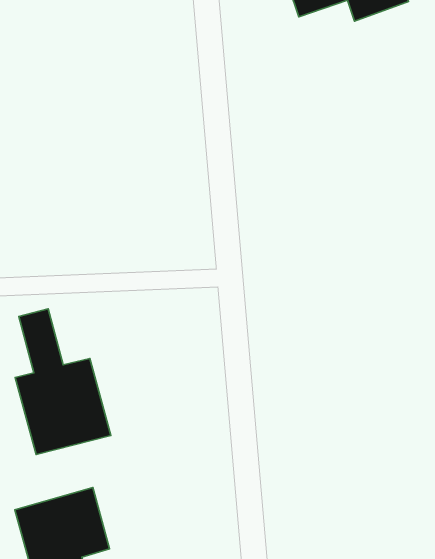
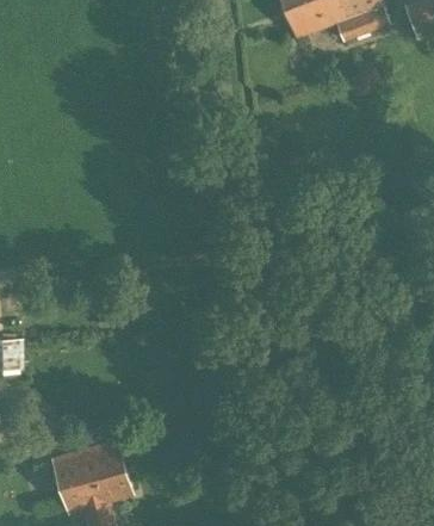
building: [15,309,111,455] -> none

